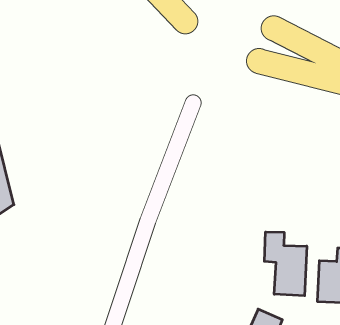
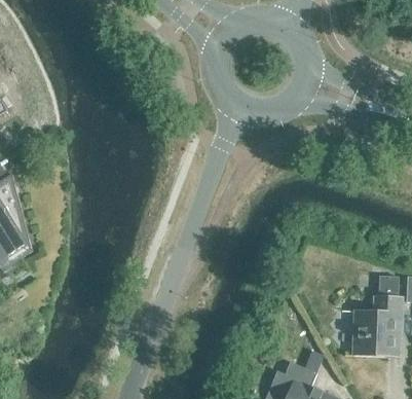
building: [264,232,307,296] -> none

